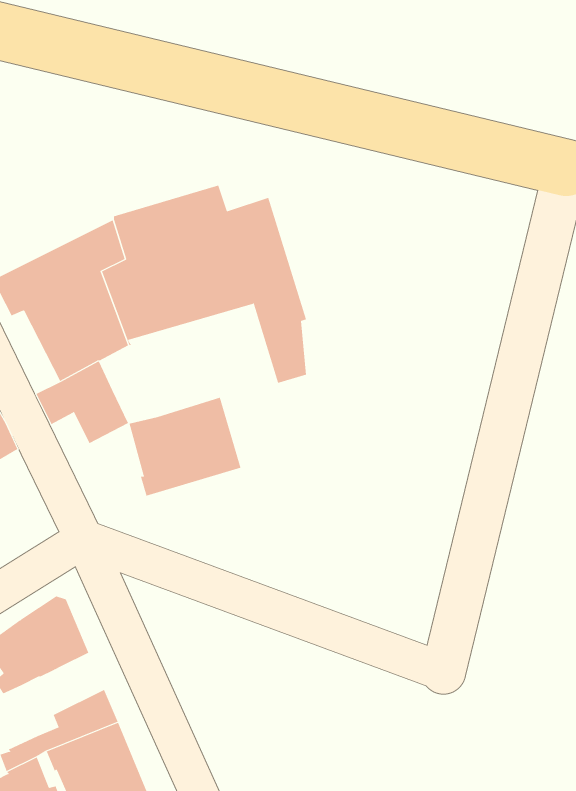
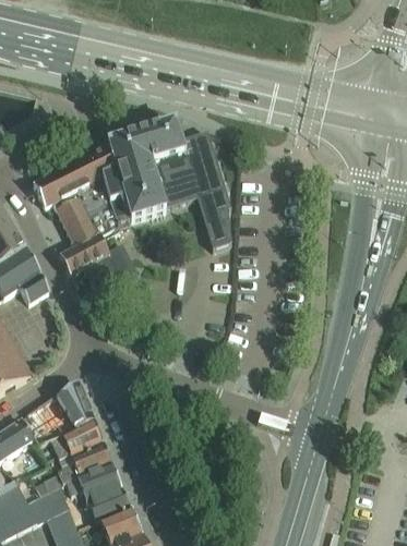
building: [129,397,241,497] -> none
building: none -> [50,417,101,459]

